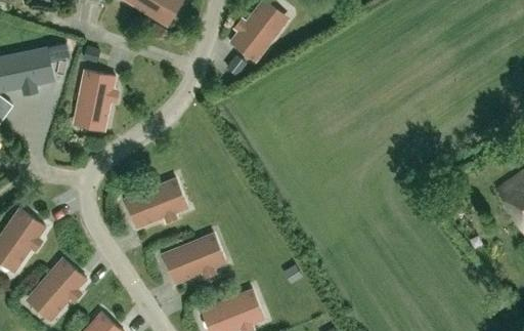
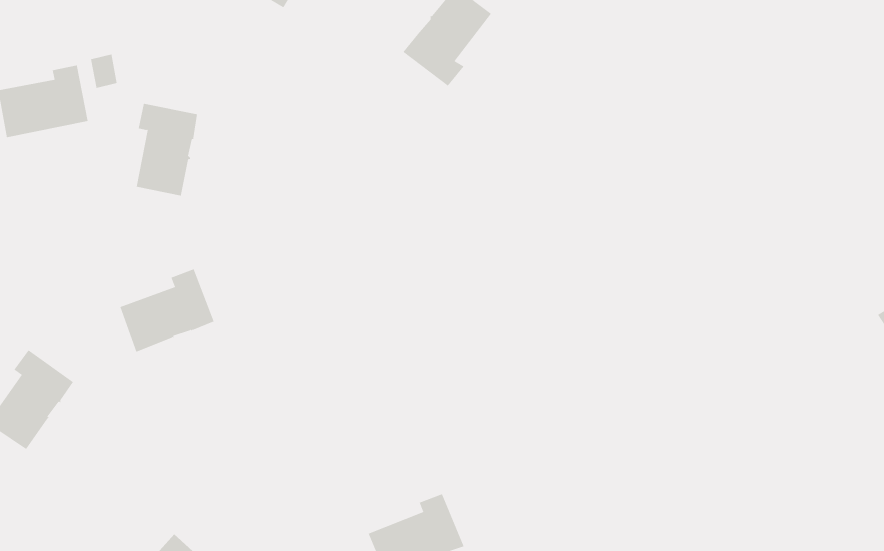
building: [133,179,186,226] -> [119,268,214,352]
building: [171,234,224,281] -> none
building: [34,258,85,315] -> none

